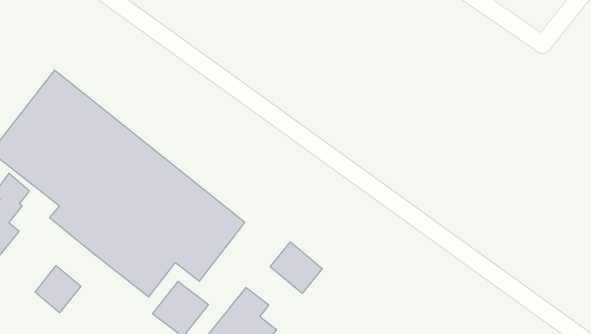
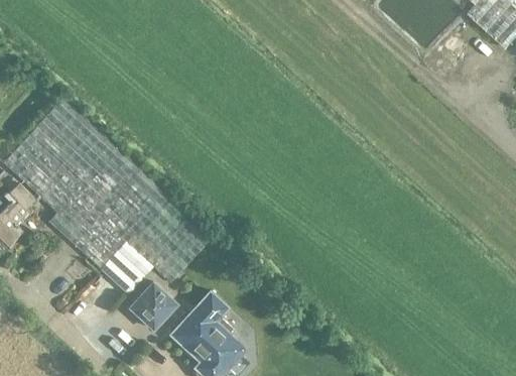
building: [270,242,322,293] -> none
building: [35,266,81,313] -> none

